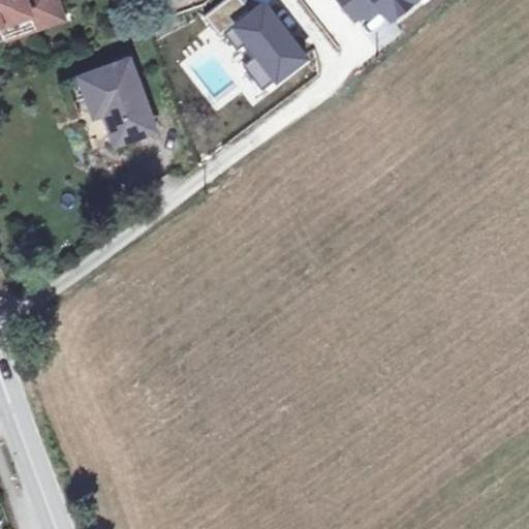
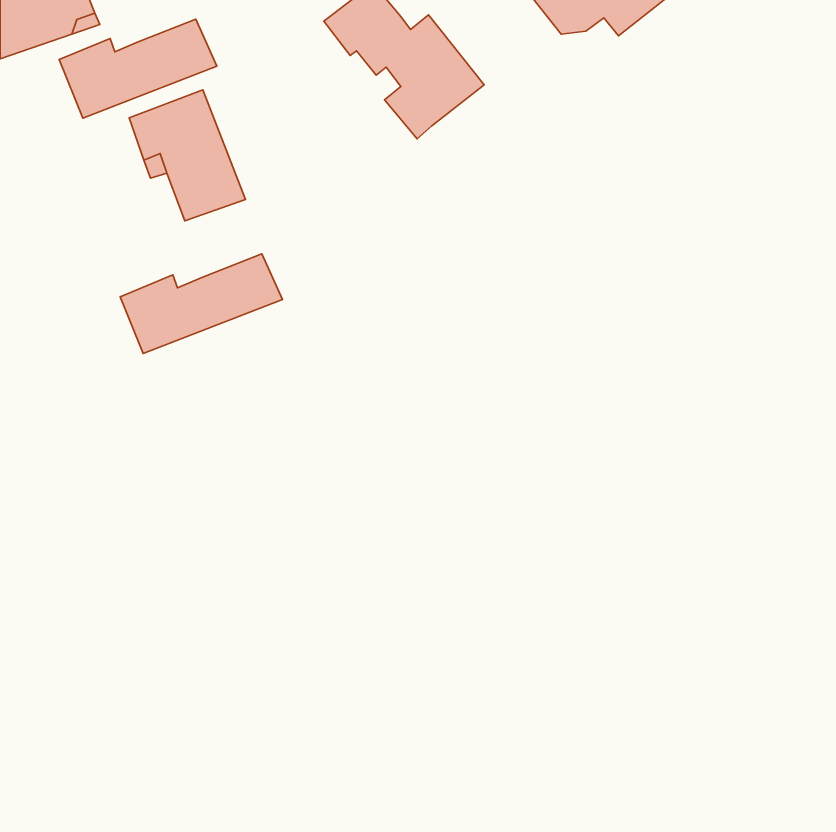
building: none -> [59,19,217,118]
building: none -> [120,254,282,353]

